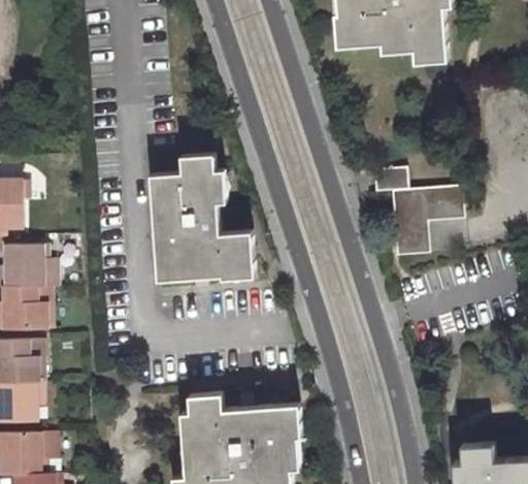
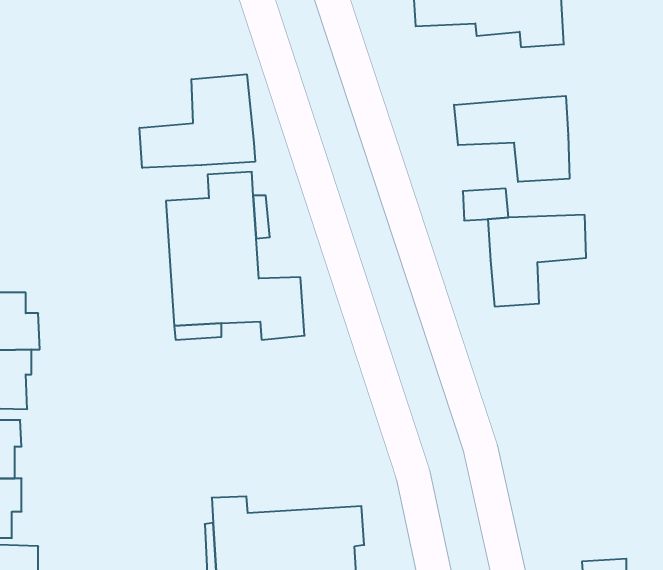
building: none -> [140,74,255,168]
building: none -> [454,96,569,182]

